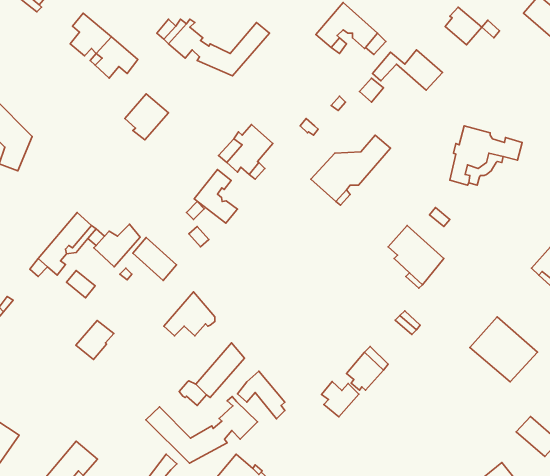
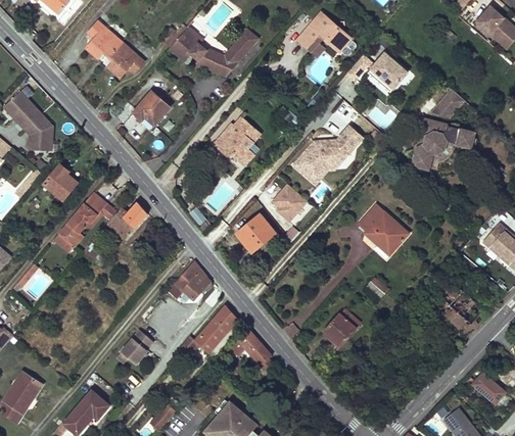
building: [445,7,482,45] -> none
building: none -> [431,89,464,117]
building: [194,169,237,223] -> none
building: none -> [43,164,79,200]
building: none -> [268,182,308,222]
building: none -> [236,214,275,252]
building: [133,237,176,281] -> none
building: [76,320,114,360] -> [121,331,153,365]
building: [322,382,359,417] -> none
building: [146,397,257,463] -> none

